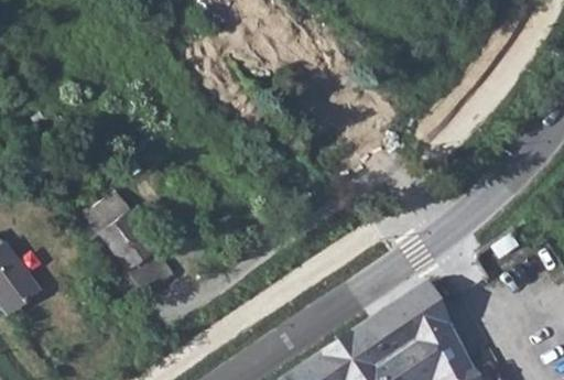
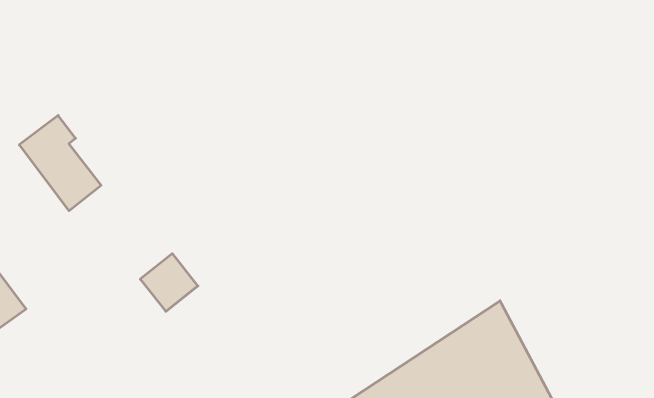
building: [86,189,153,268] -> [19,115,101,211]

